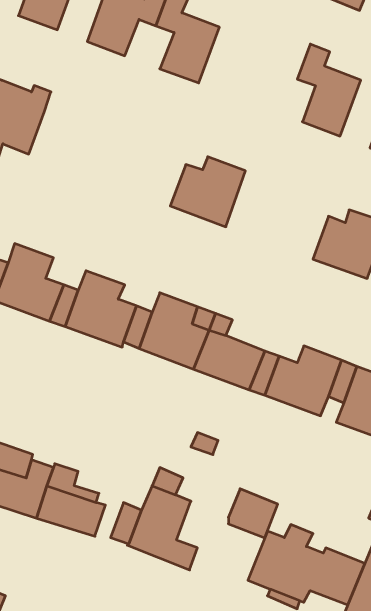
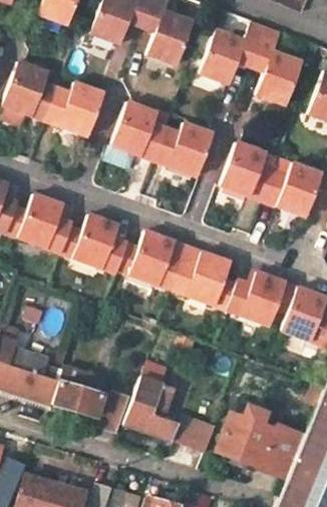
building: none -> [201,21,268,85]
building: none -> [46,83,104,136]
building: none -> [103,103,174,171]
building: none -> [223,143,278,202]
building: [228,489,278,538] -> [178,415,216,453]

